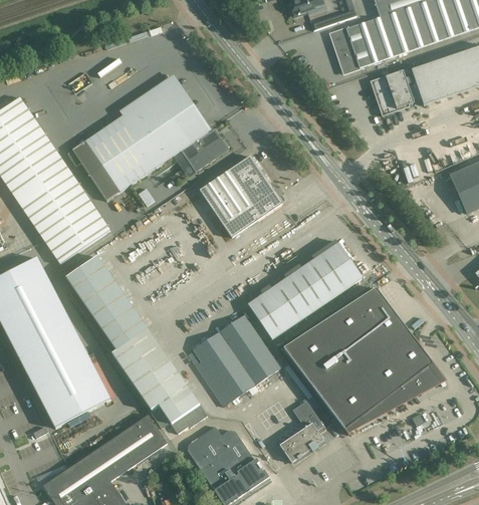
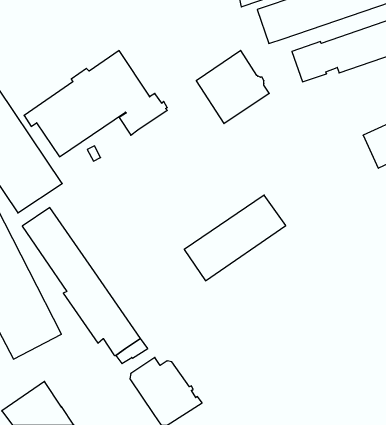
building: [200,156,282,238] -> [196,50,269,124]
building: [283,288,435,435] -> none
building: [193,315,280,407] -> none
building: [278,397,325,462] -> none
building: [90,415,166,482] -> none

